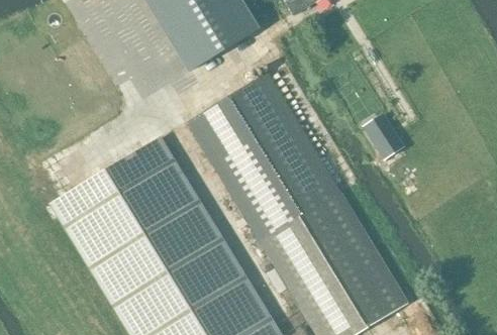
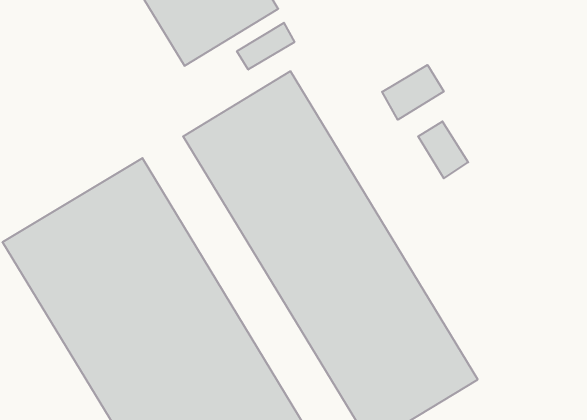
building: none -> [237,23,294,70]
building: none -> [382,65,444,120]

